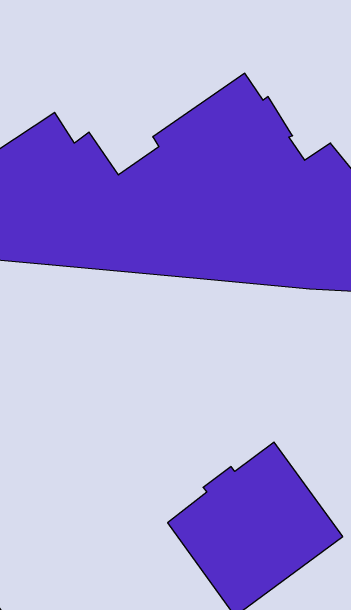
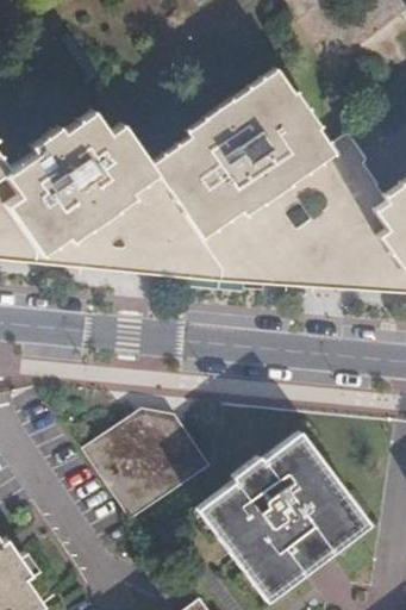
building: none -> [86,409,200,510]

